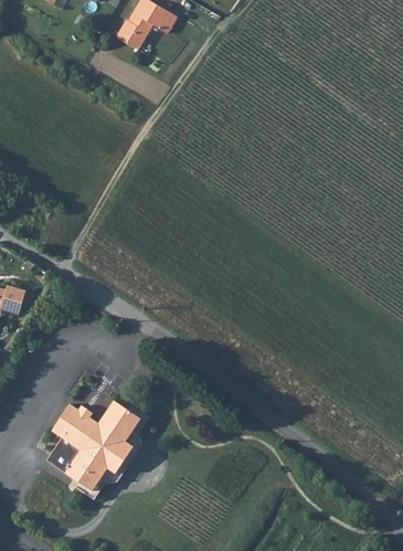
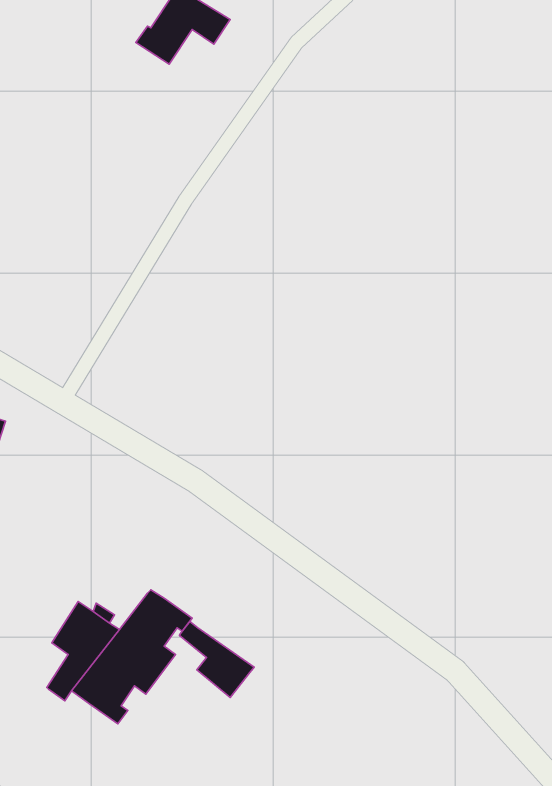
building: none -> [180,621,254,697]

